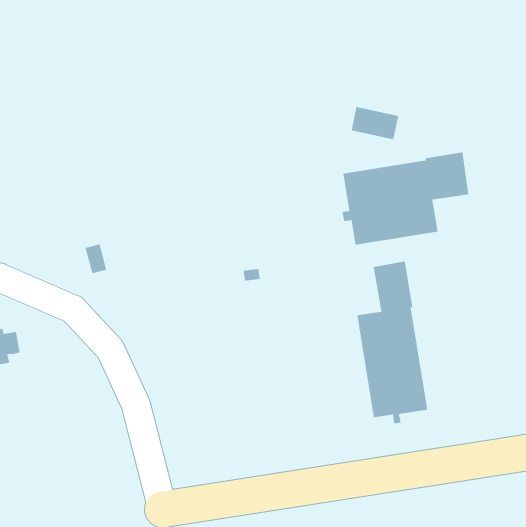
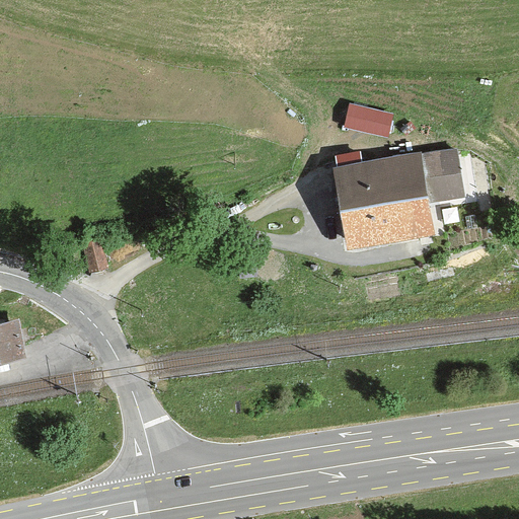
building: [356,260,428,424] -> none

